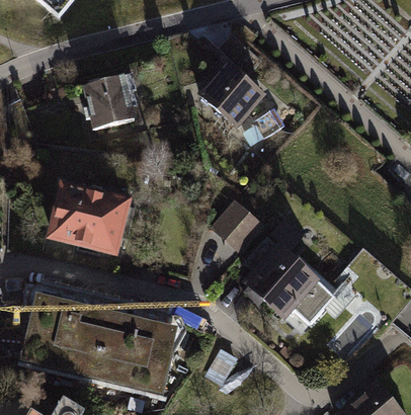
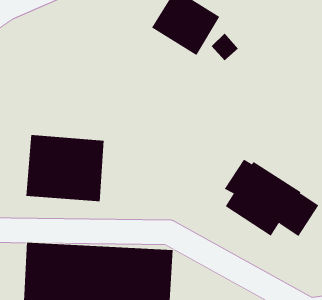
building: [82,73,138,129] -> none
building: [210,200,265,256] -> none

